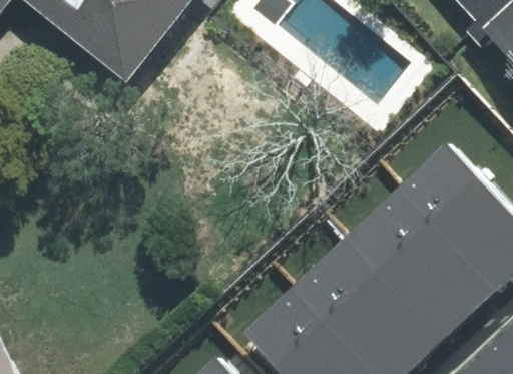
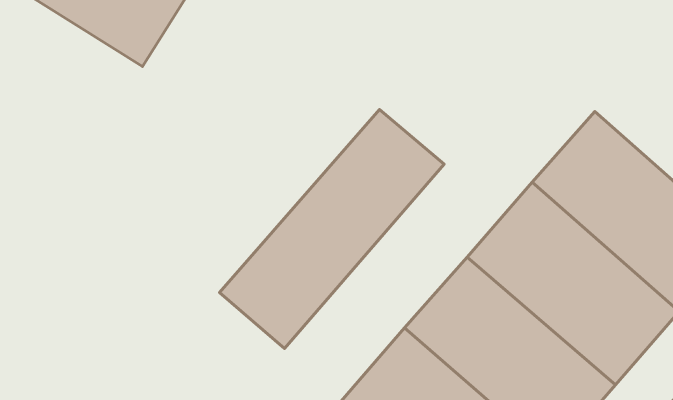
building: none -> [220,110,444,349]

